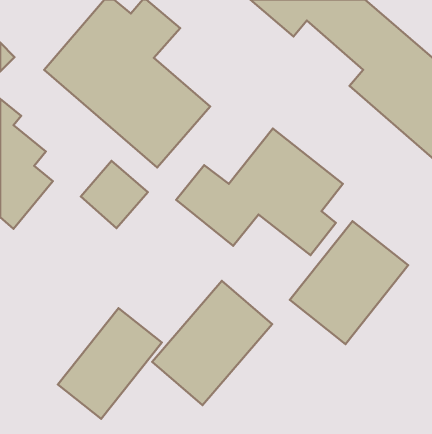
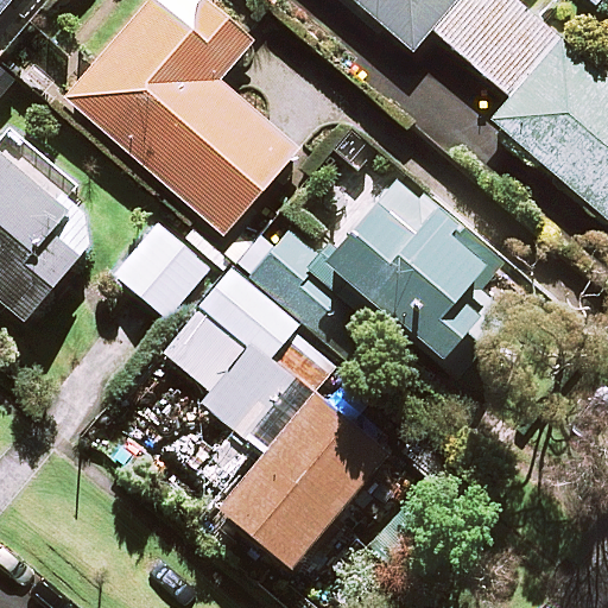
building: none -> [164,270,296,428]
building: [290,221,408,344] -> none
building: [58,308,162,419] -> none

